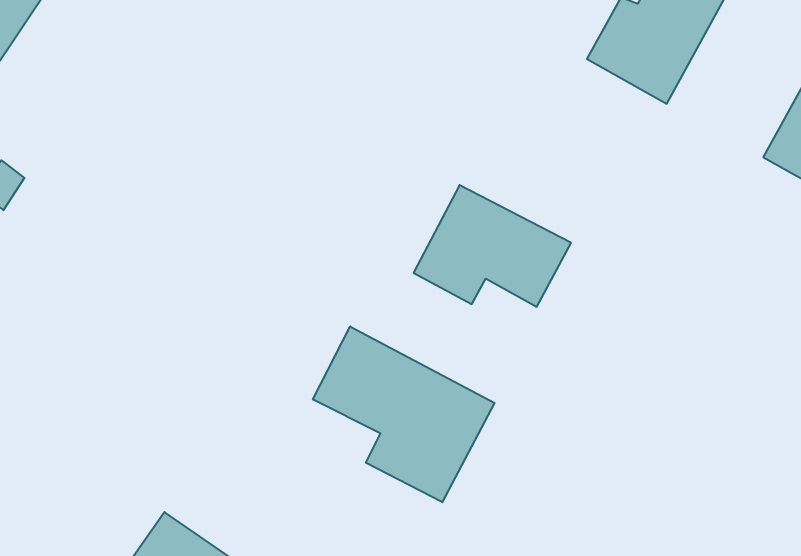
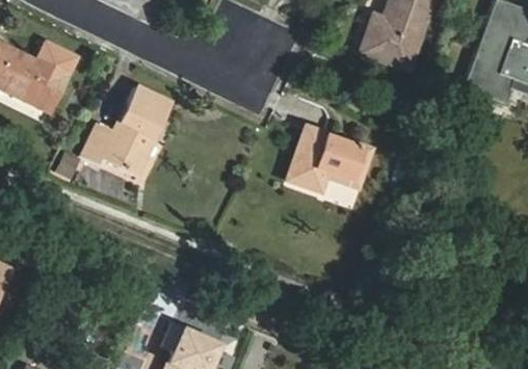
building: none -> [82,86,171,174]
building: [313,326,494,502] -> none

